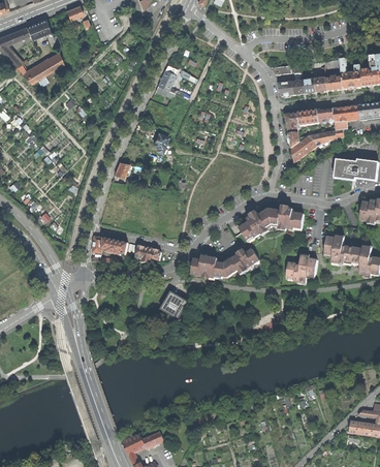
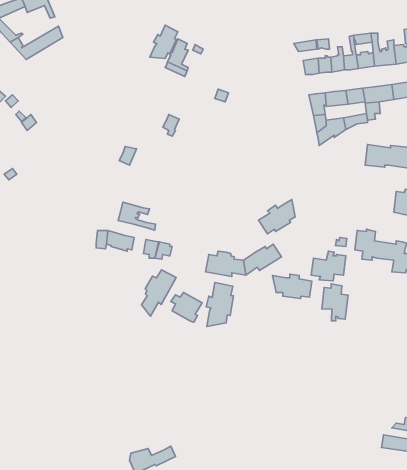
building: none -> [150,25,178,58]
building: [268,208,304,229] -> [273,274,312,298]
building: none -> [118,202,156,230]
building: none -> [141,270,176,316]
building: none -> [206,282,234,326]
building: none -> [322,284,348,321]

